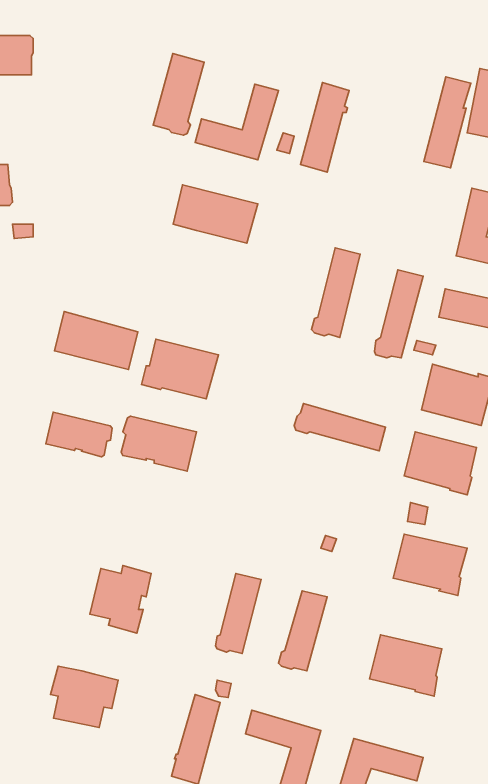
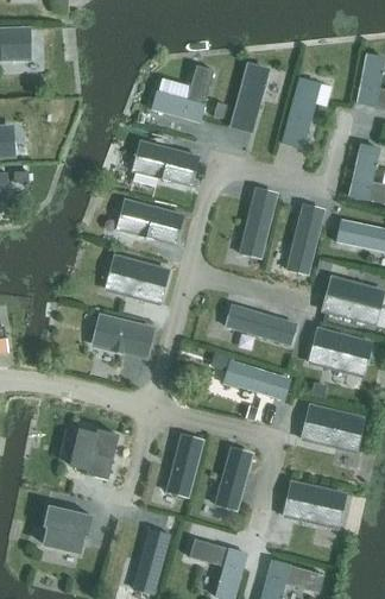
building: [153,54,204,135] -> none
building: [424,77,471,168] -> [282,78,317,147]
building: [55,311,138,370] -> [119,200,182,244]
building: [46,412,112,457] -> none
building: none -> [223,361,291,399]

